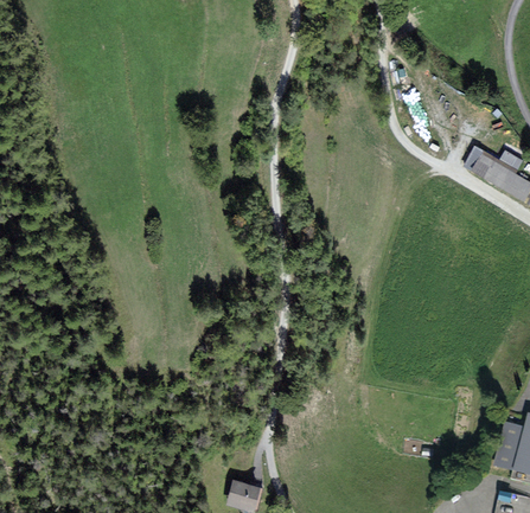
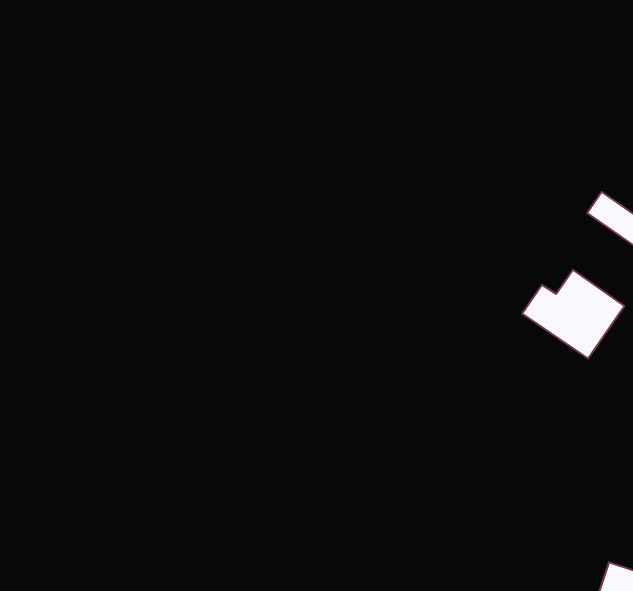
building: none -> [522,270,624,359]

